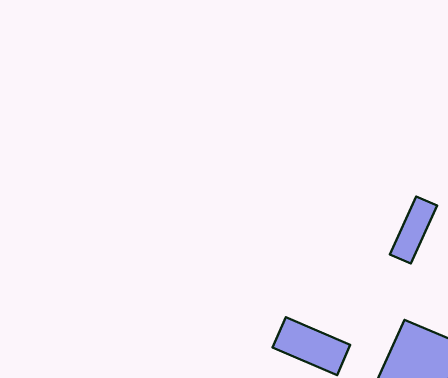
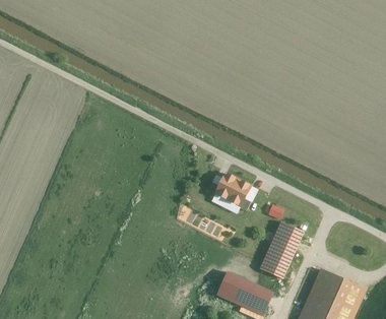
building: none -> [216,175,252,206]
building: [390,196,437,264] -> [260,225,297,276]

